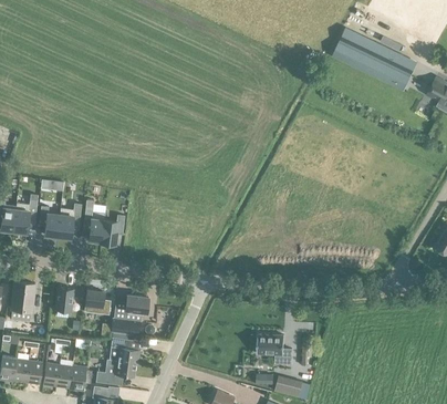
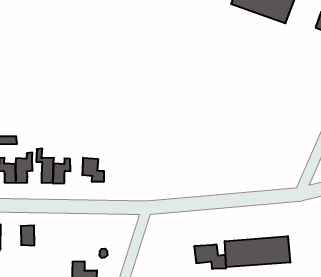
building: none -> [82,158,104,182]
building: [83,290,111,317] -> none
building: [111,294,148,335] -> none
building: none -> [225,236,290,267]

